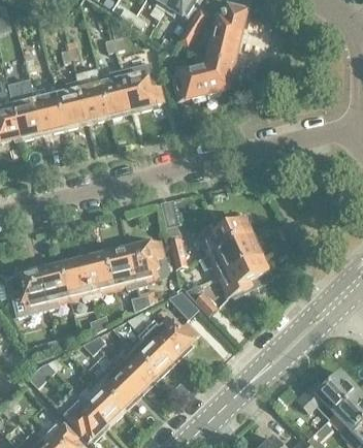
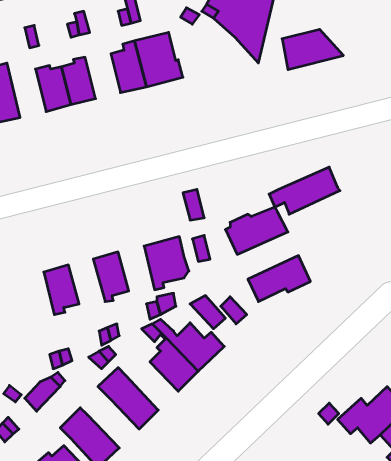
building: [175,65,229,100] -> [282,29,343,70]
building: [75,67,108,119] -> none
building: [8,79,43,135] -> none
building: [202,235,264,277] -> [269,167,340,214]
building: [106,248,138,288] -> none
building: [63,259,95,299] -> none
building: [7,270,51,311] -> none
building: [113,349,159,391] -> none
building: [79,382,125,424] -> none

